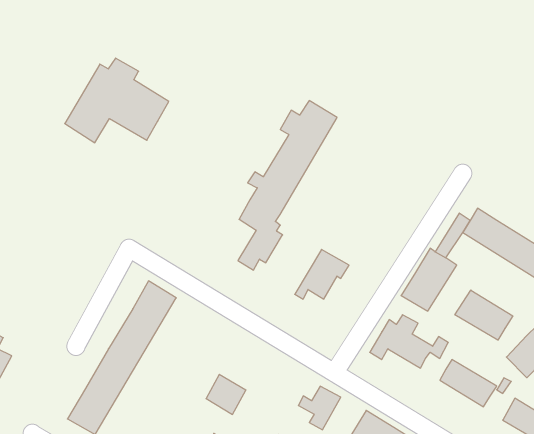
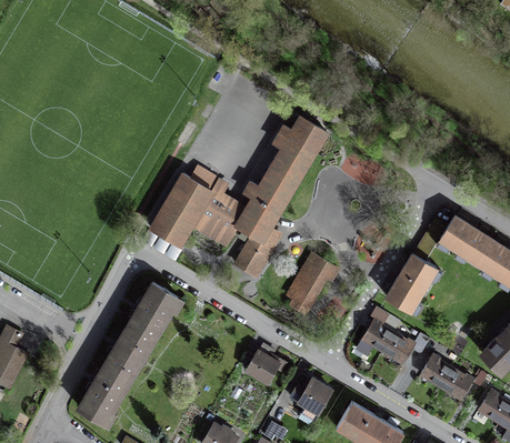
building: [65,58,169,143] -> [150,169,246,246]
building: [455,290,513,340] -> none
building: [206,374,246,414] -> [244,349,281,385]

